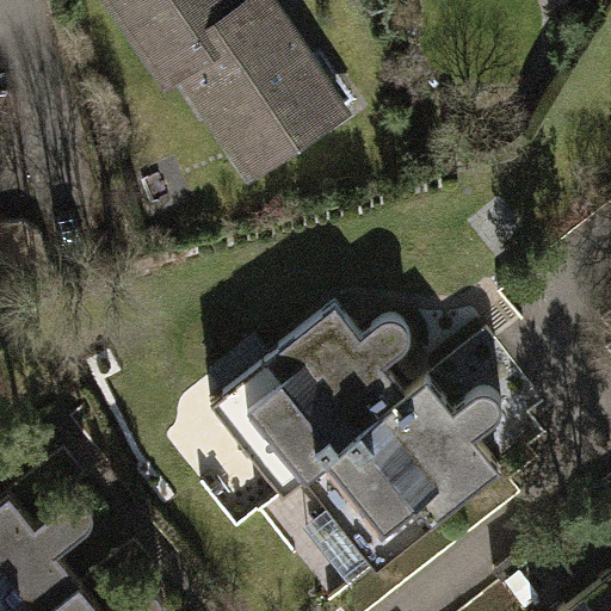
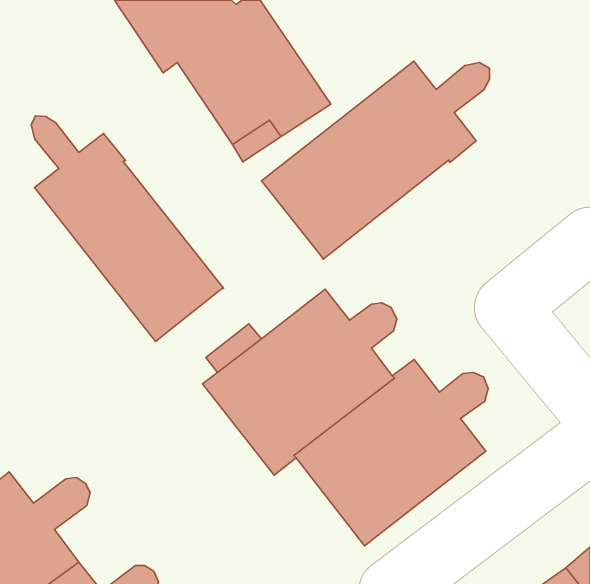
building: none -> [262,61,490,259]
building: none -> [31,116,223,341]

